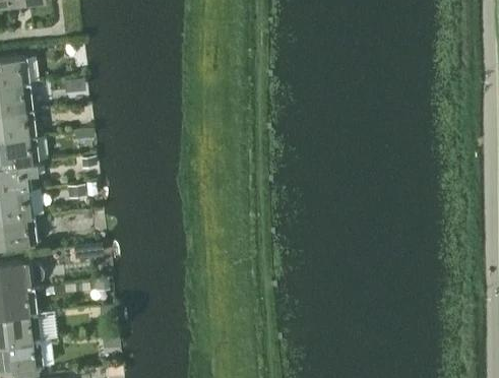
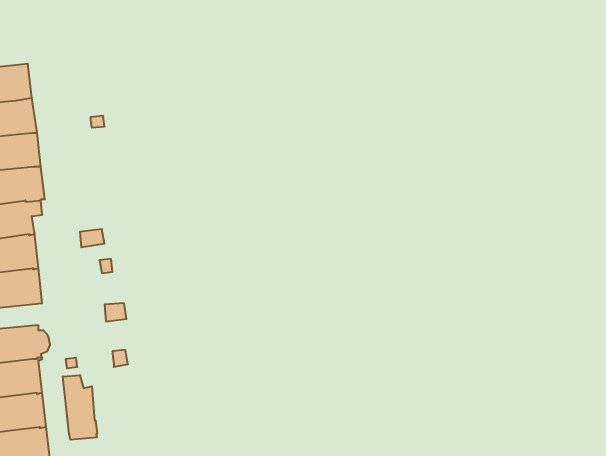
building: none -> [63,375,97,440]

